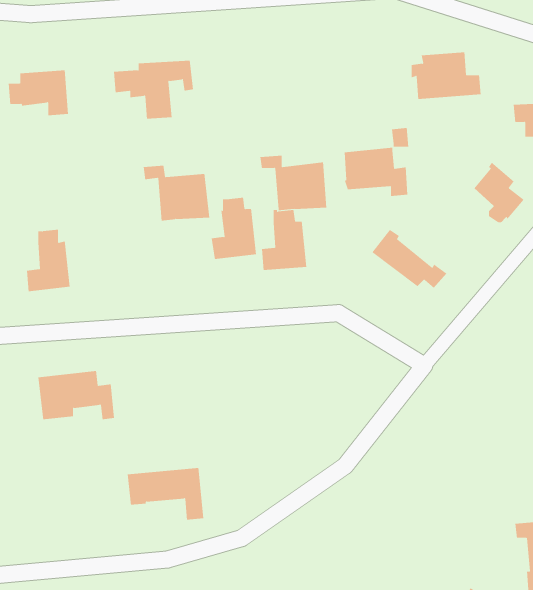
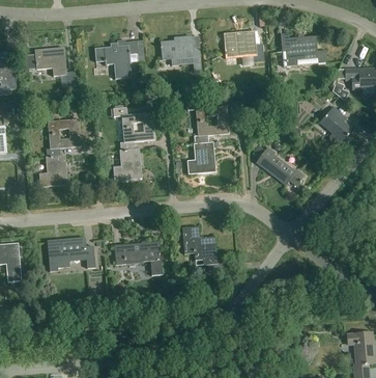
building: none -> [160,35,202,71]
building: [344,147,408,196] -> [224,30,264,61]
building: none -> [39,113,81,149]
building: [211,197,257,260] -> [113,141,142,181]
building: none -> [182,225,225,270]
building: [127,468,204,520] -> [114,241,163,274]

